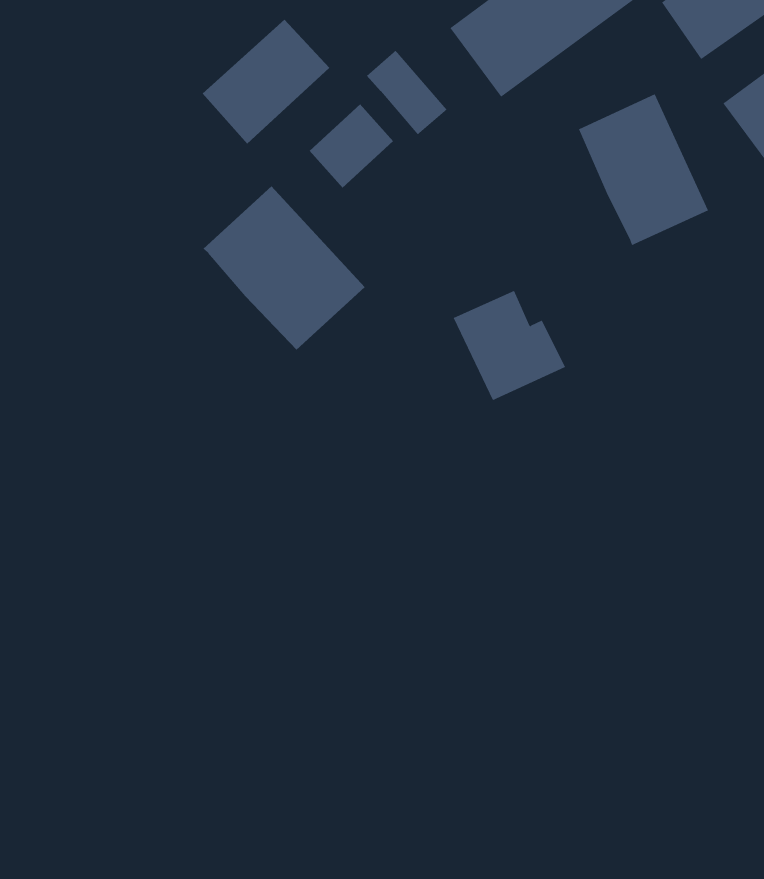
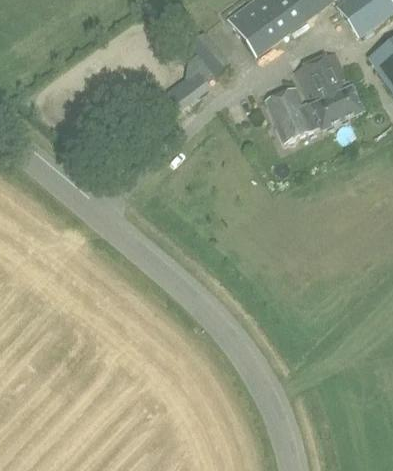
building: [202,19,330,145] -> none
building: [202,185,366,351] -> none
building: [453,290,566,401] -> [264,87,321,143]

